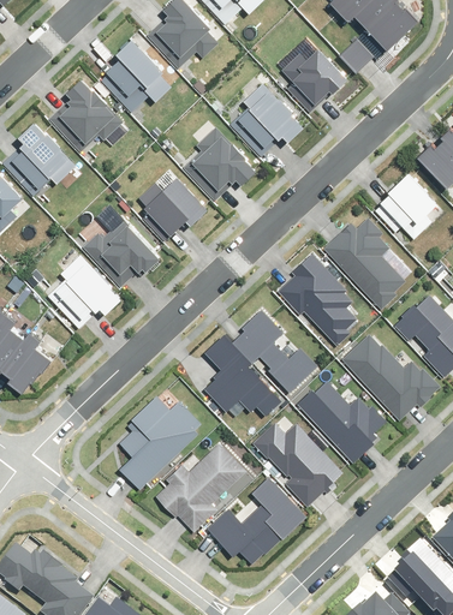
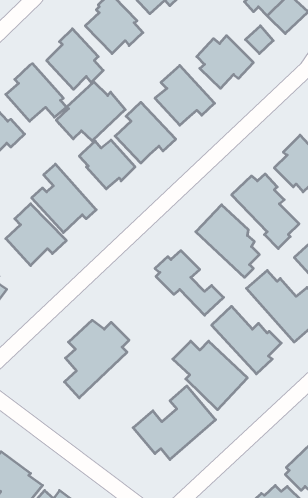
building: none -> [56,82,125,141]
building: [203,332,279,414] -> none
building: [155,444,245,527] -> none

